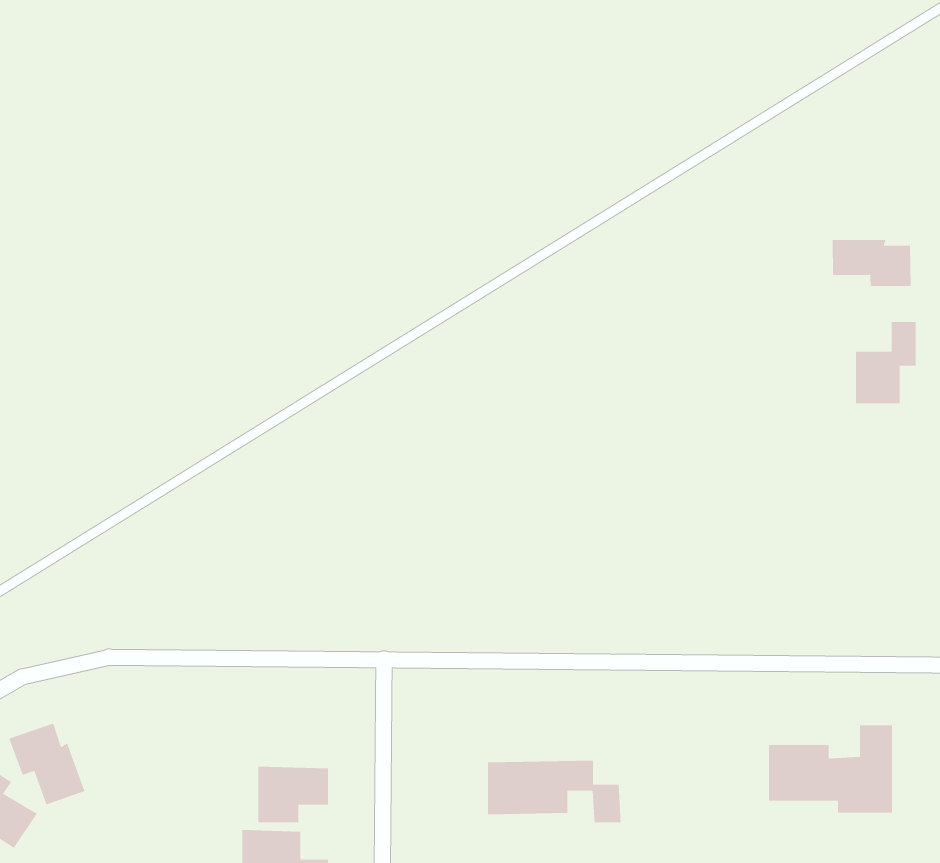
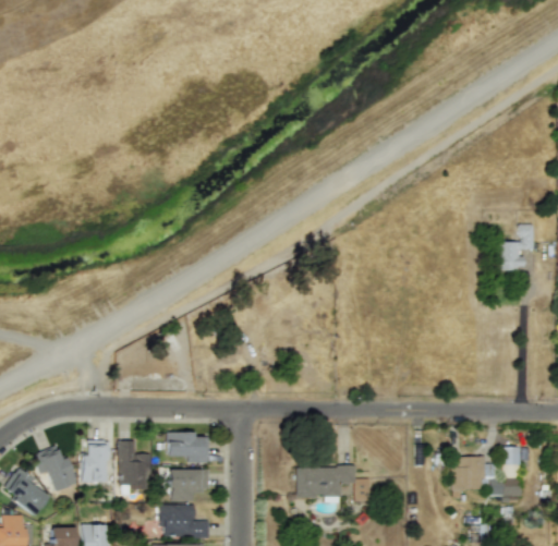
building: [832,239,912,287] -> none
building: none -> [166,433,208,463]
building: none -> [118,440,149,490]
building: none -> [81,441,110,483]

